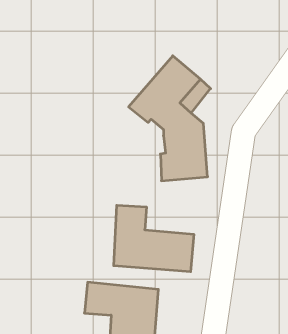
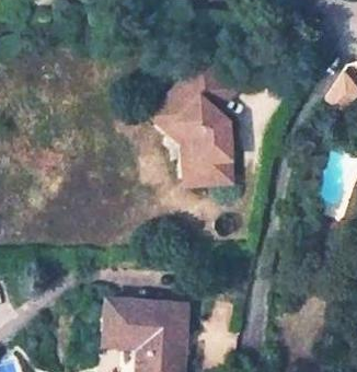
building: [114,205,194,272] -> none

